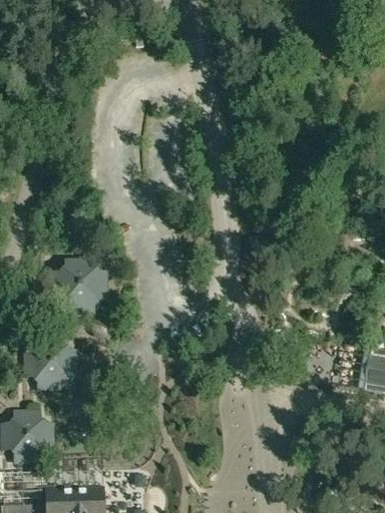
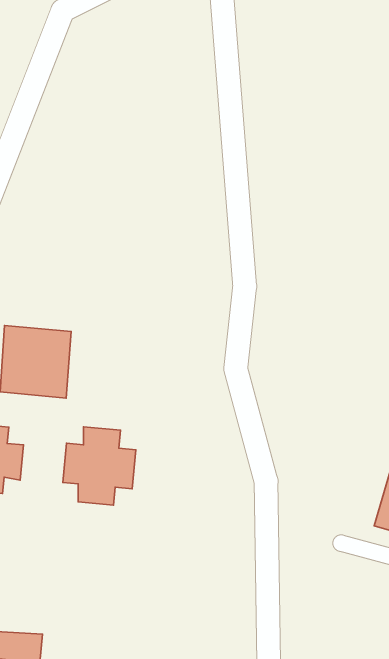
building: none -> [63,427,136,505]

